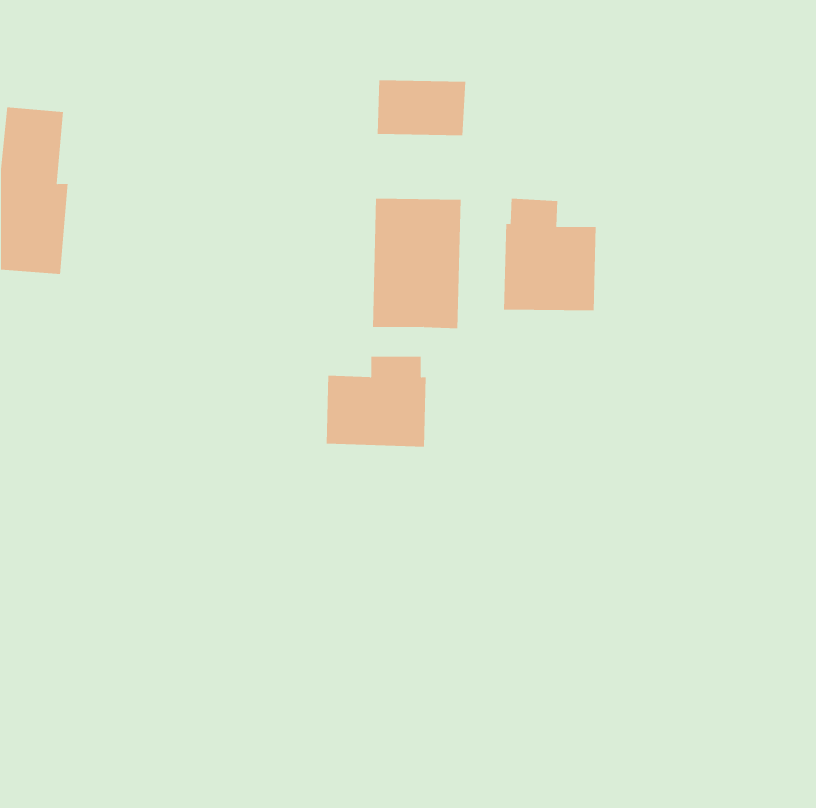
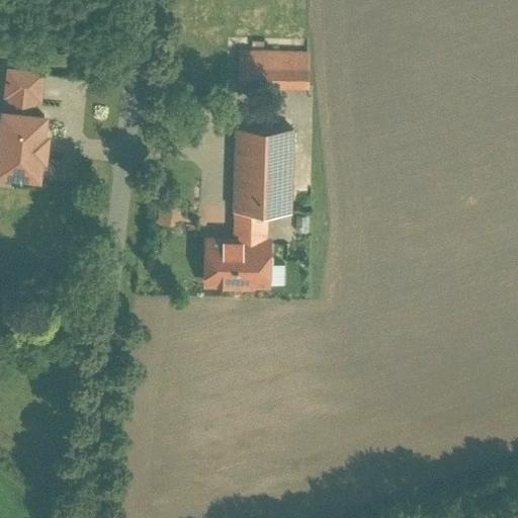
building: [504,198,596,311] -> none
building: none -> [235,212,268,231]

